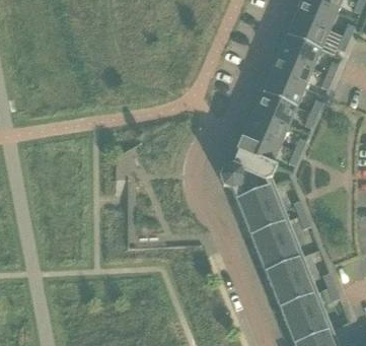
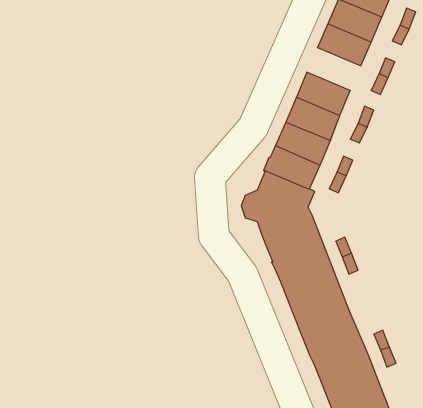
building: [271,55,312,88] -> none

